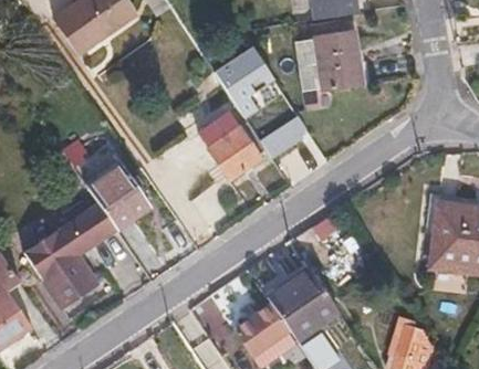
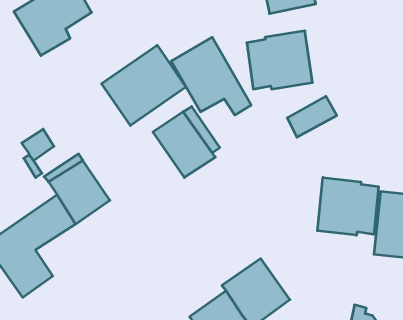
building: none -> [102,45,186,126]
building: [261,113,312,155] -> [287,96,337,137]
building: none -> [317,177,378,235]

